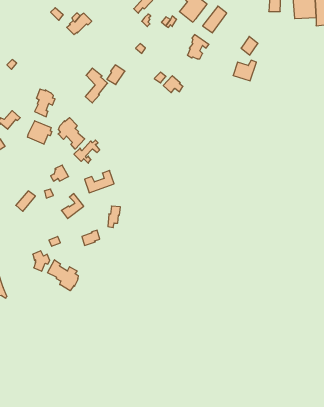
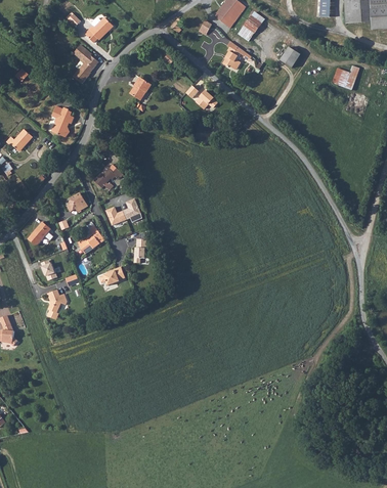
building: [233,60,256,81] -> [332,65,358,89]
building: [85,68,108,103] -> [74,44,99,84]
building: [58,118,85,149] -> none
building: [28,121,52,144] -> none
building: [48,260,78,291] -> none

